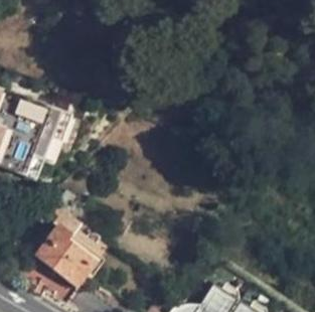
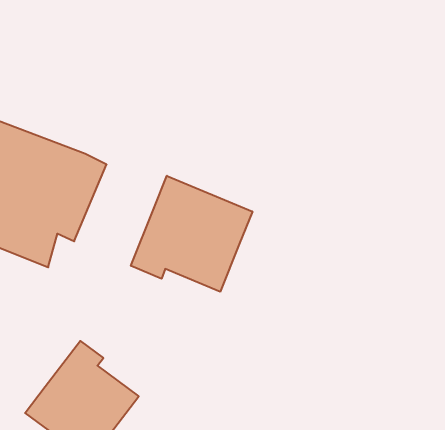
building: none -> [131,176,252,292]

